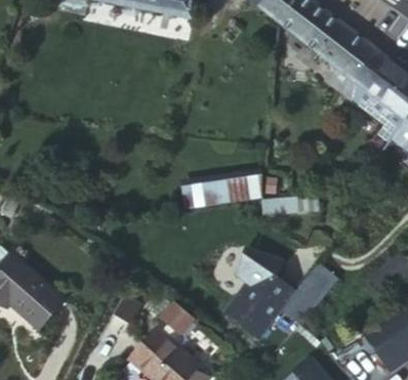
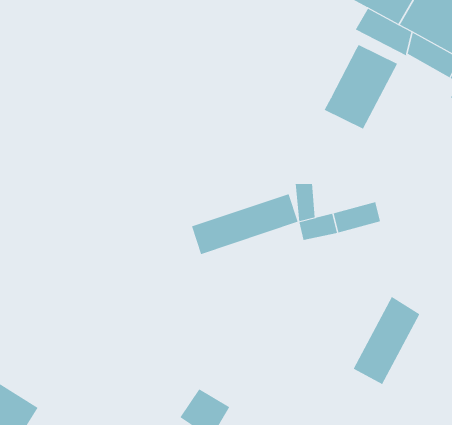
building: none -> [324,44,398,130]
building: [227,245,294,336] -> none

